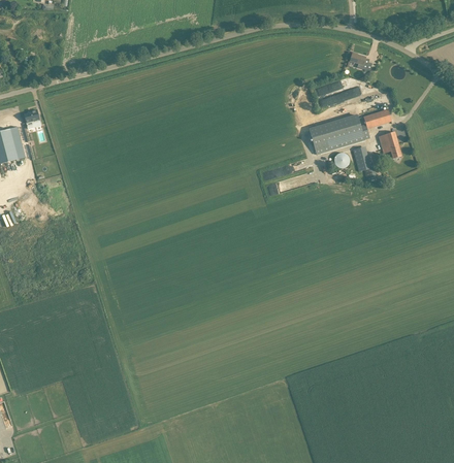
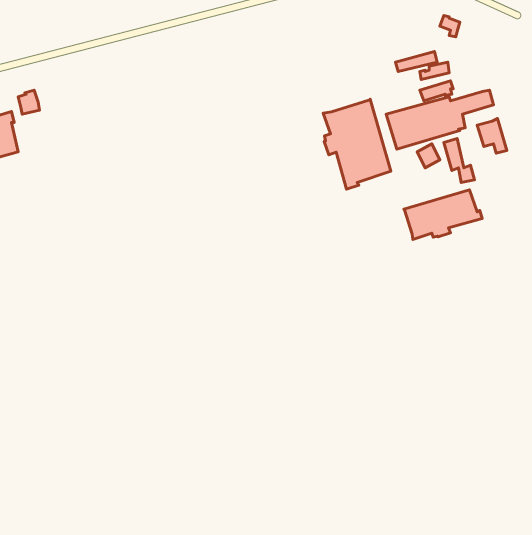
building: none -> [323,99,391,189]
building: none -> [404,190,482,240]

